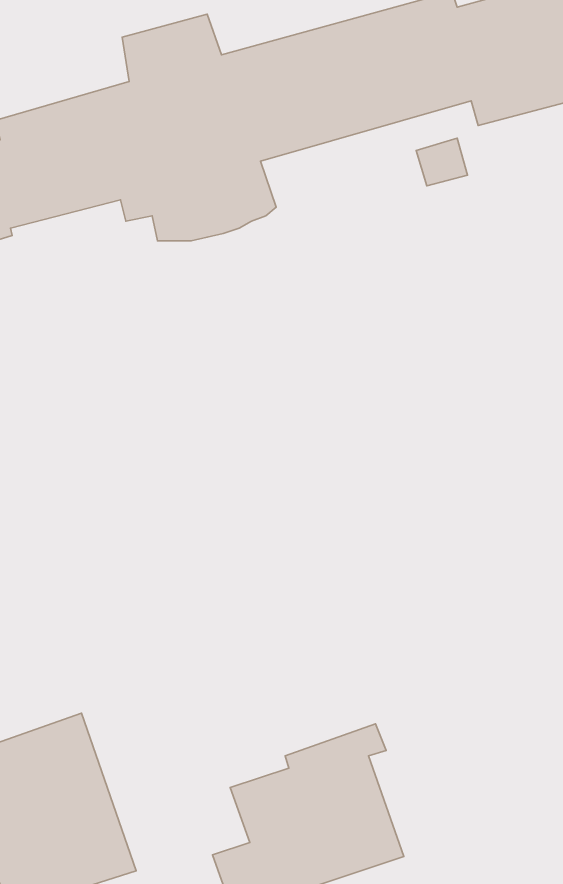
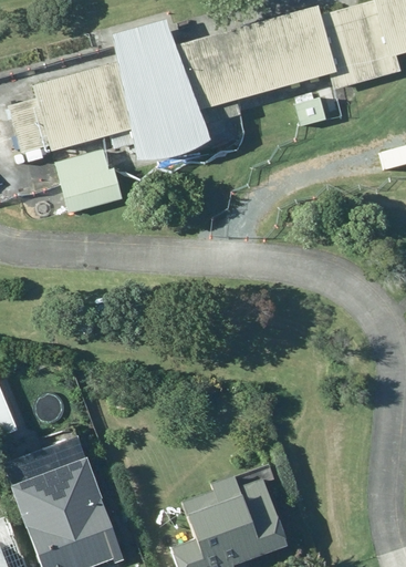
building: none -> [54,148,123,214]

